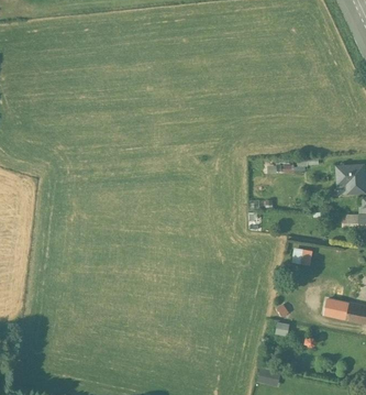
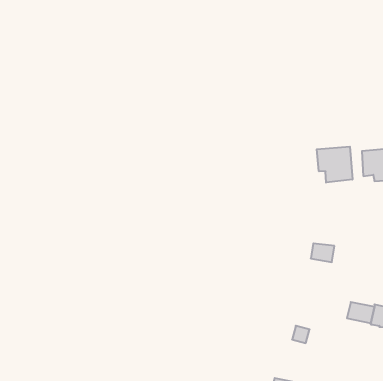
building: none -> [317,147,352,183]

